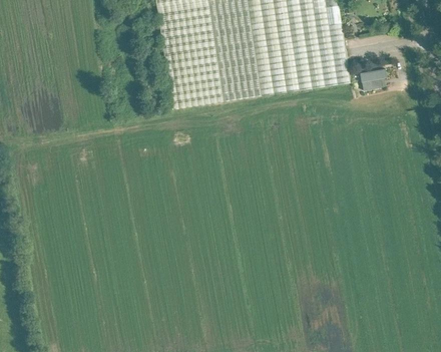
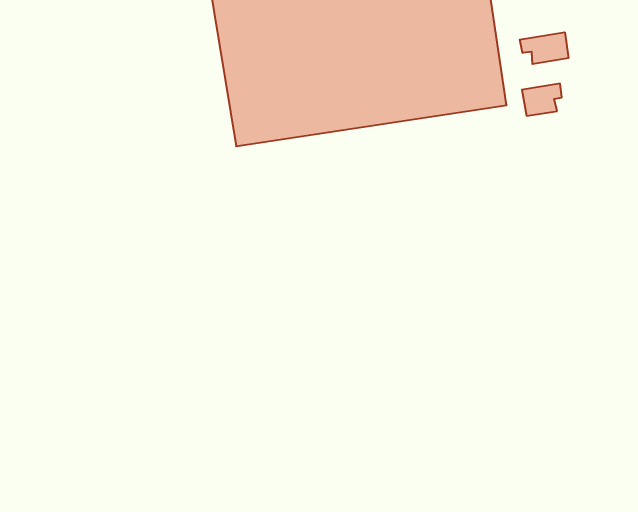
building: none -> [520,32,568,64]

